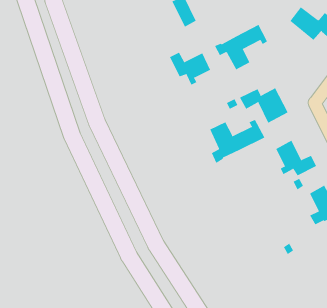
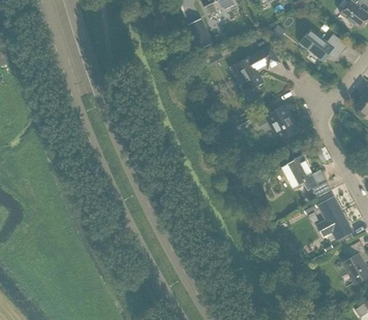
building: [169,52,211,86] -> none
building: [209,119,265,164] -> none

